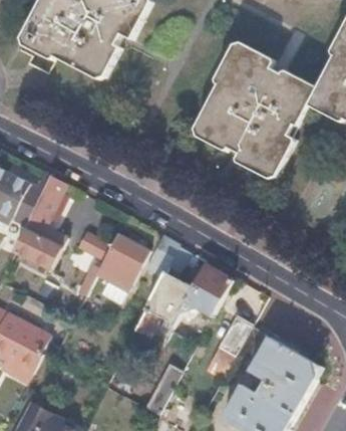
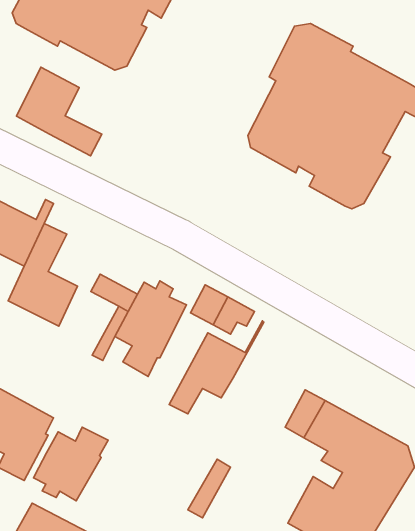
building: none -> [17,67,102,156]
building: [184,266,234,315] -> none
building: none -> [34,427,108,501]

